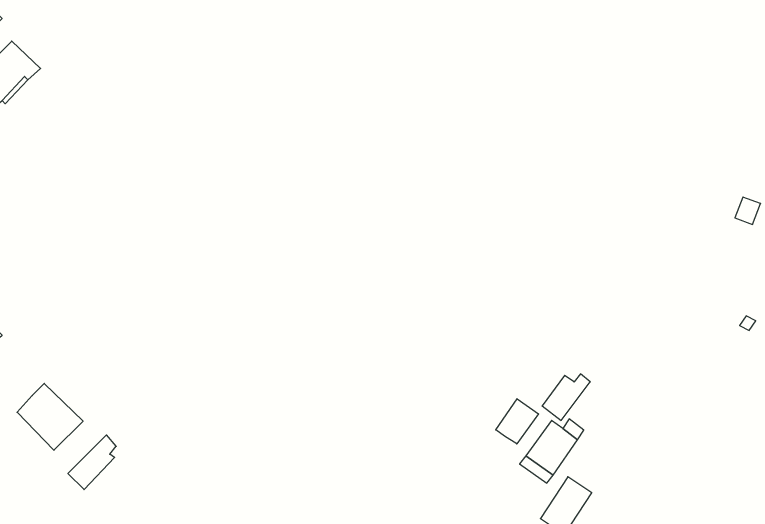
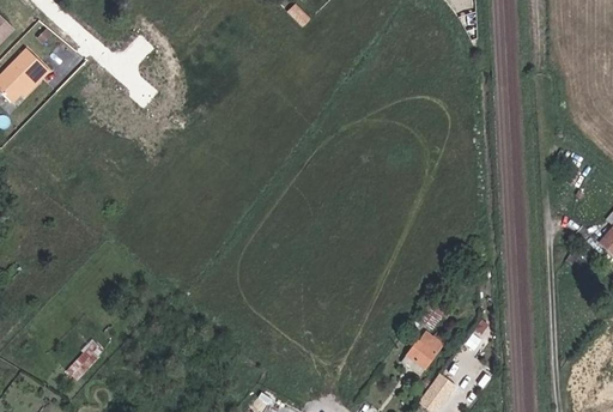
building: [17,383,83,450] -> none
building: [496,399,539,444] -> none

